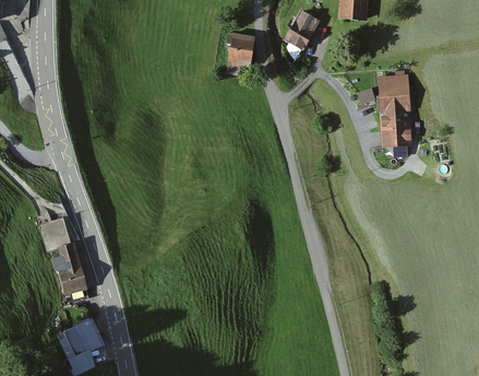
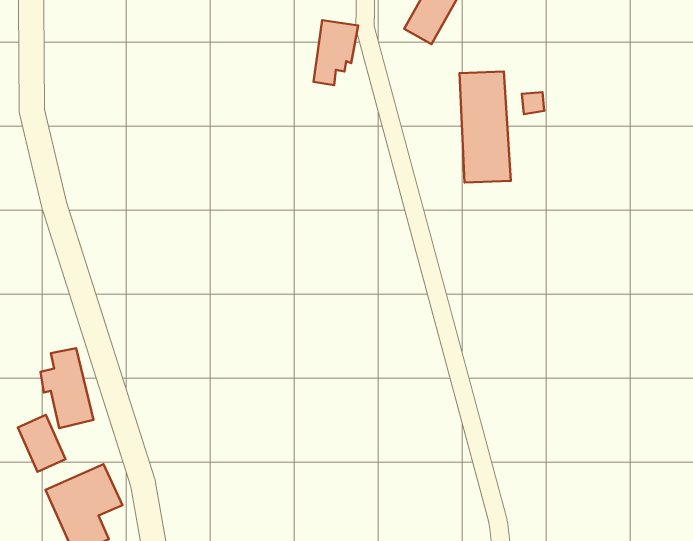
building: [379,77,411,148] -> [459,72,511,183]
building: none -> [18,415,66,472]

